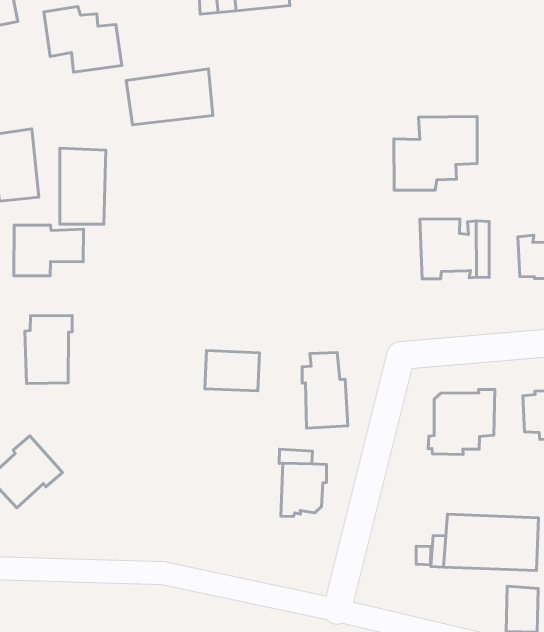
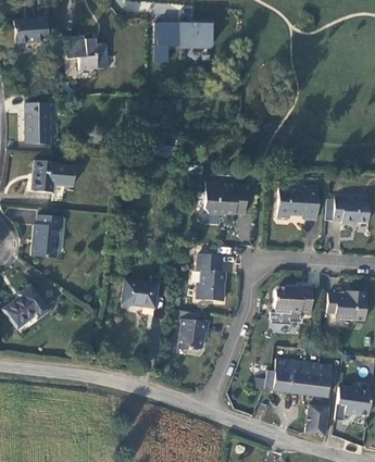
building: [126,69,213,125] -> none
building: [394,116,477,190] -> none
building: [60,148,106,224] -> none
building: none -> [205,182,248,214]
building: [205,351,259,391] -> [122,282,157,309]

